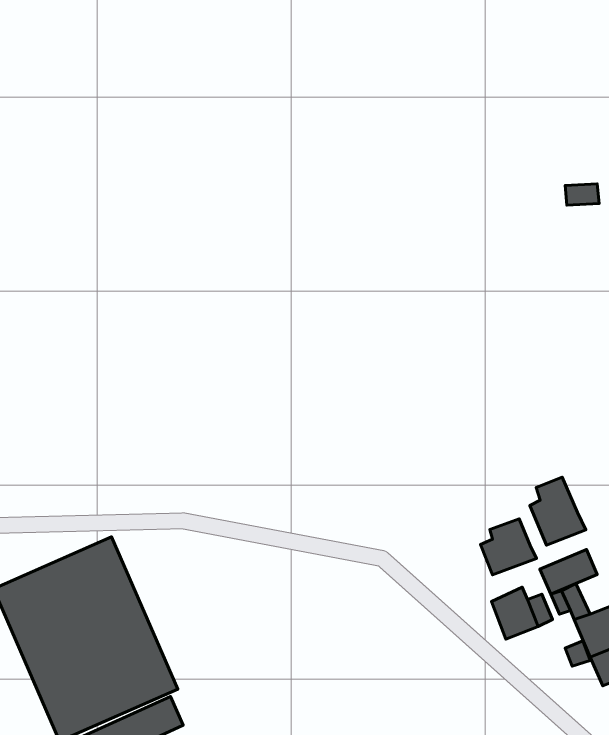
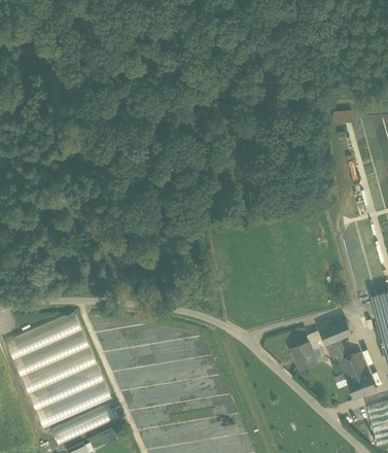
building: [530,477,586,545] -> none
building: [481,519,536,575] -> none

